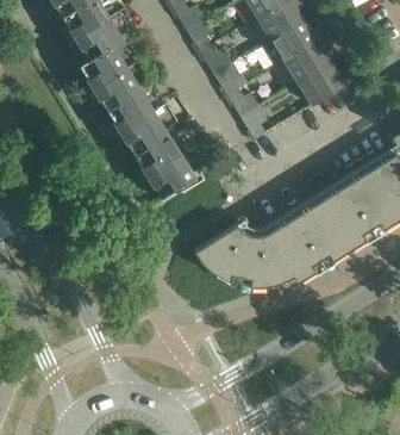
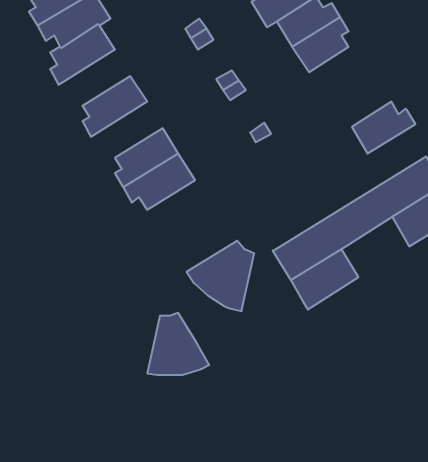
building: [299,61,352,105] -> [352,102,415,154]
building: [87,63,148,111] -> none
building: [114,107,175,155] -> none
building: [326,205,383,256] -> none
building: [242,234,294,286] -> [147,313,209,375]

